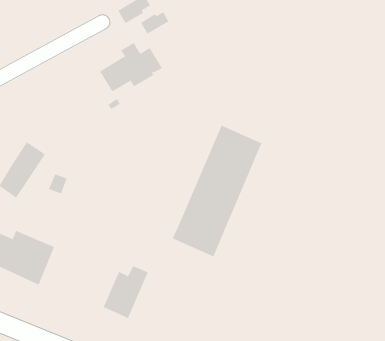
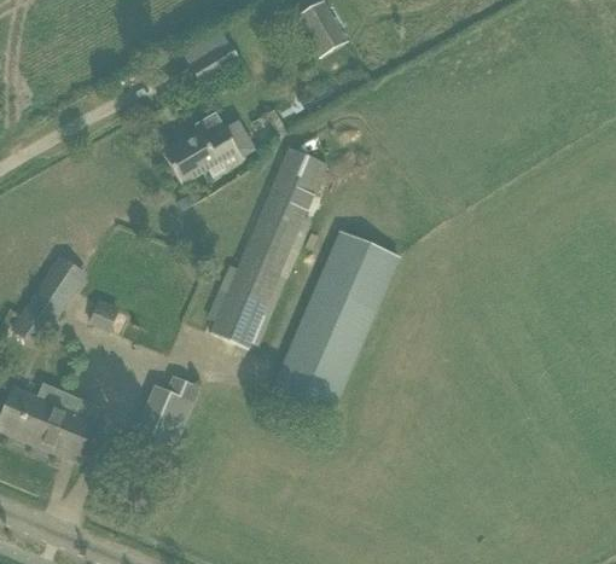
building: [140,12,169,35] -> none
building: none -> [208,145,327,348]
building: [103,265,149,319] -> [132,377,198,454]

